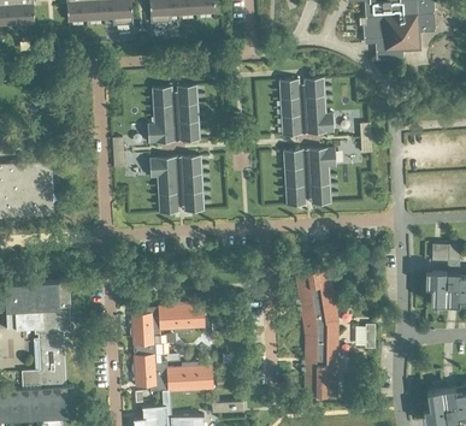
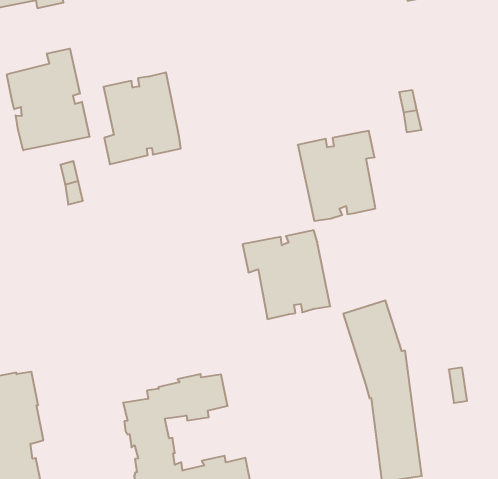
building: none -> [7,49,89,150]
building: [278,78,334,136] -> none
building: [149,156,205,214] -> [243,230,330,319]

